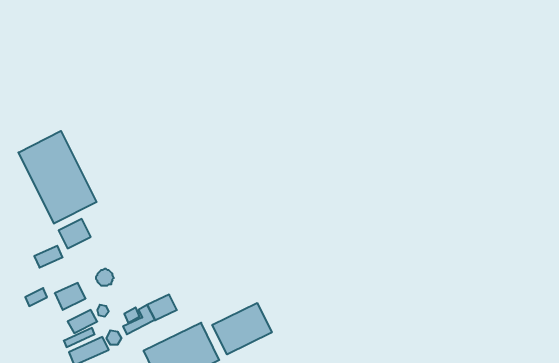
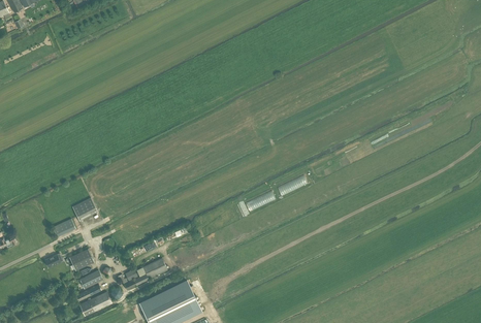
building: [18,131,97,224] -> none
building: [212,303,272,354] -> none

